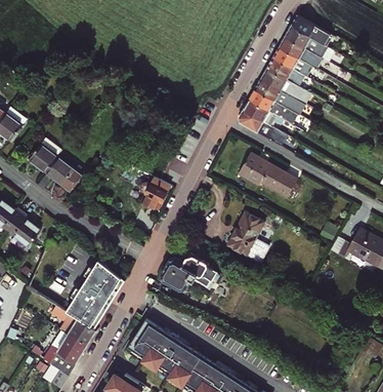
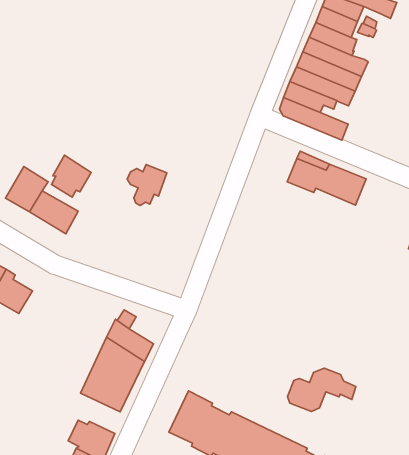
building: none -> [51,155,91,197]
building: [139,179,169,208] -> [127,164,167,206]
building: [227,212,267,262] -> none
building: [164,256,215,286] -> [287,368,356,412]
building: [51,304,96,343] -> none

